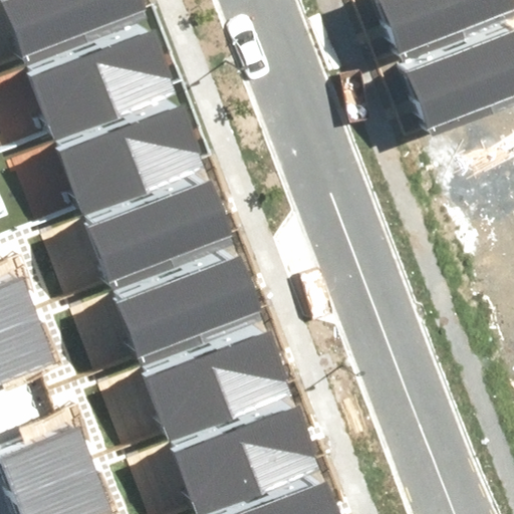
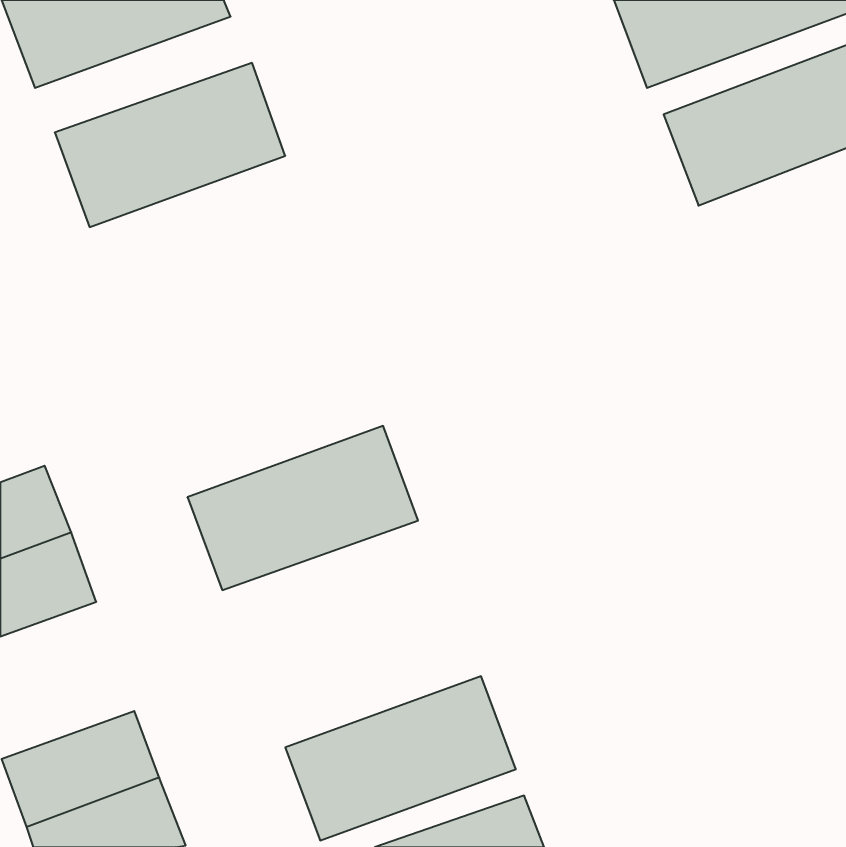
building: [59,113,199,214] -> none
building: [87,181,227,280] -> none
building: [142,330,281,431] -> none

